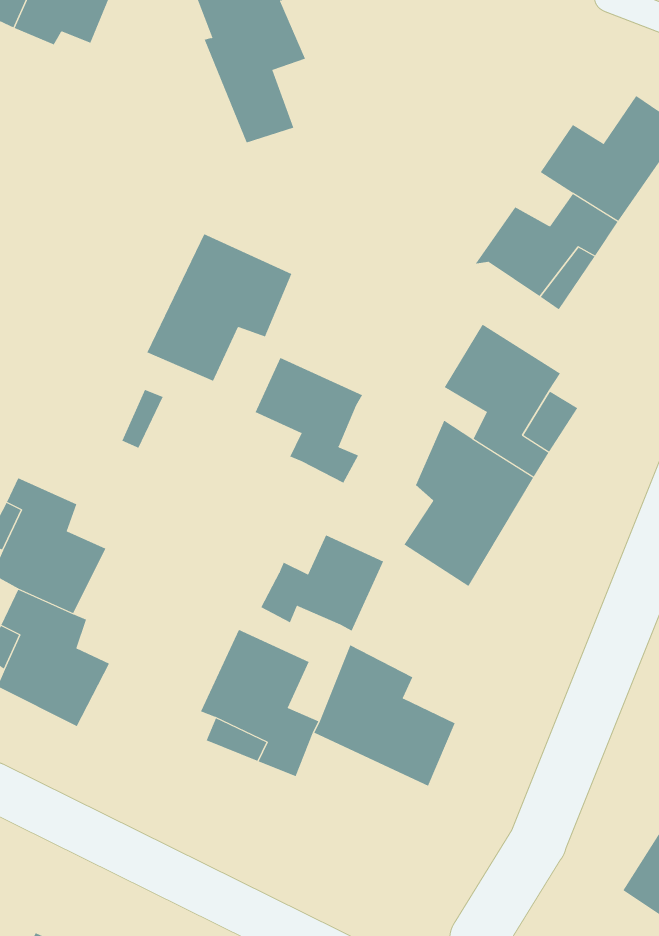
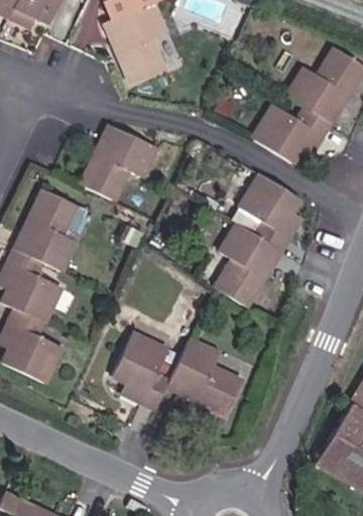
building: none -> [11,186,75,272]
building: [255,357,363,483] -> none
building: [260,535,384,632] -> none

